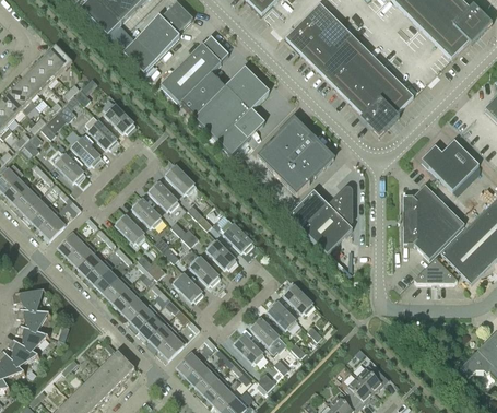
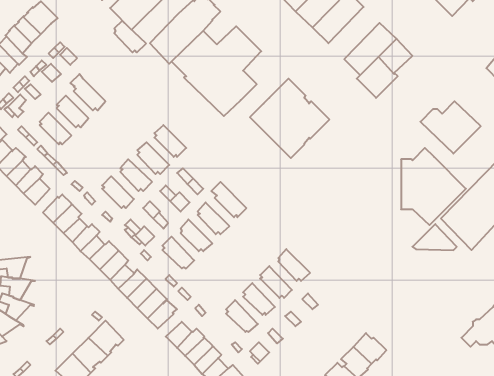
building: [332,49,381,99] -> none
building: [105,102,135,132] -> [114,21,146,52]
building: [288,188,352,253] -> none

